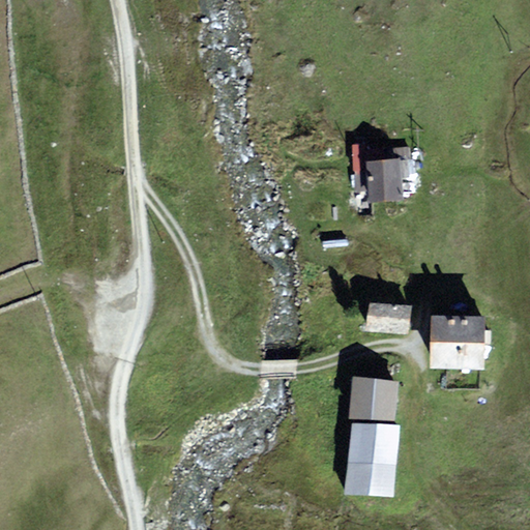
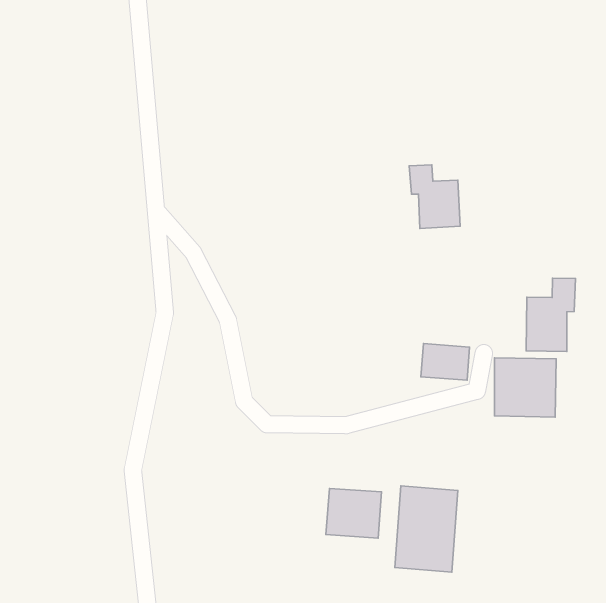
building: none -> [526,278,575,351]
building: [348,380,396,423] -> [326,488,382,538]

